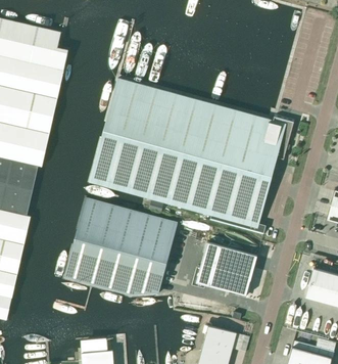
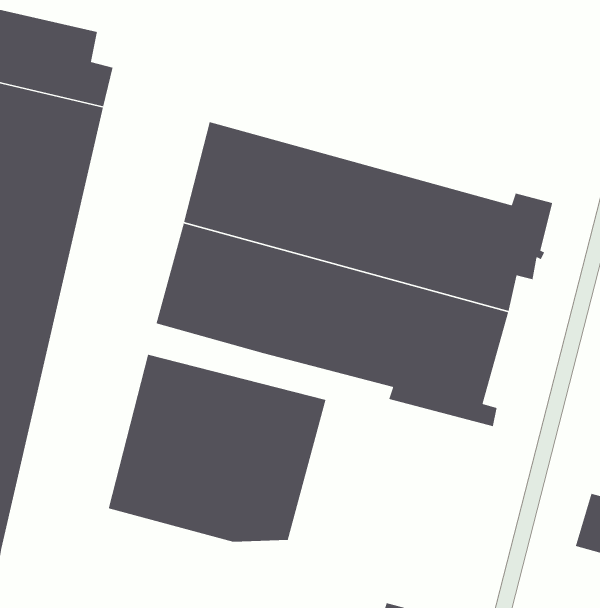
building: [196,242,257,295] -> none

